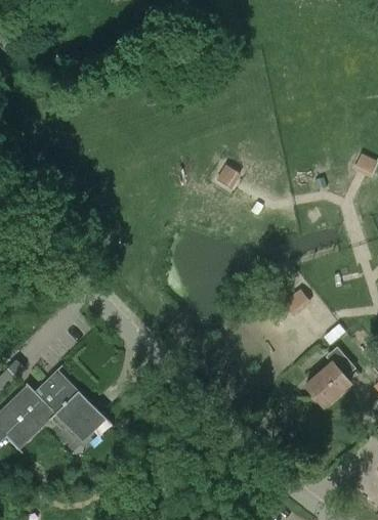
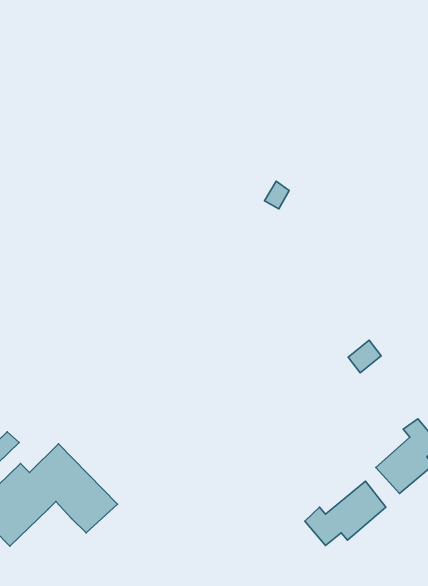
building: none -> [305,481,386,545]

